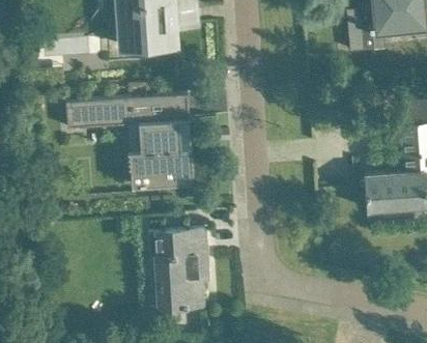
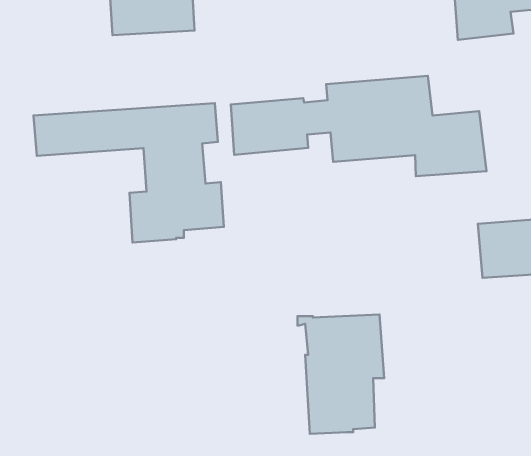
building: none -> [231,76,486,176]
building: [148,232,206,312] -> [297,315,384,434]

